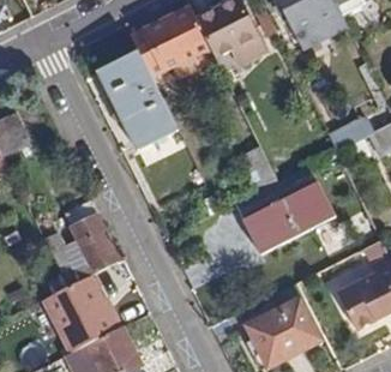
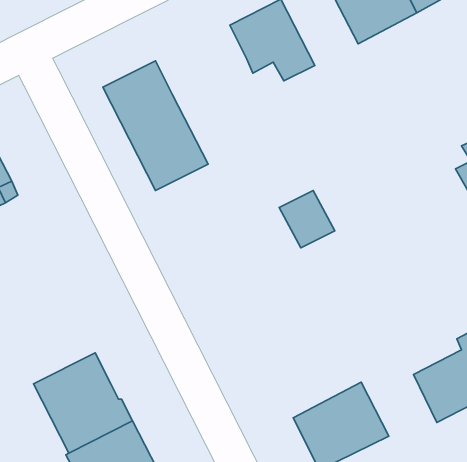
building: [131,6,209,74] -> none
building: [242,181,333,253] -> none
building: [42,199,116,274] -> none

